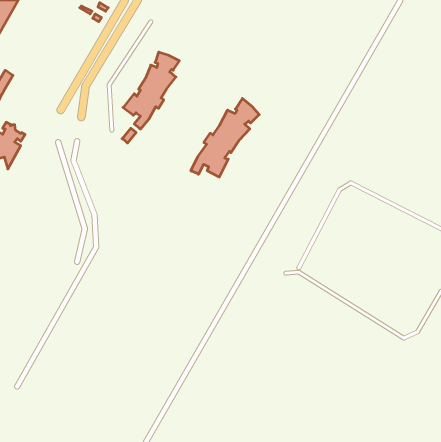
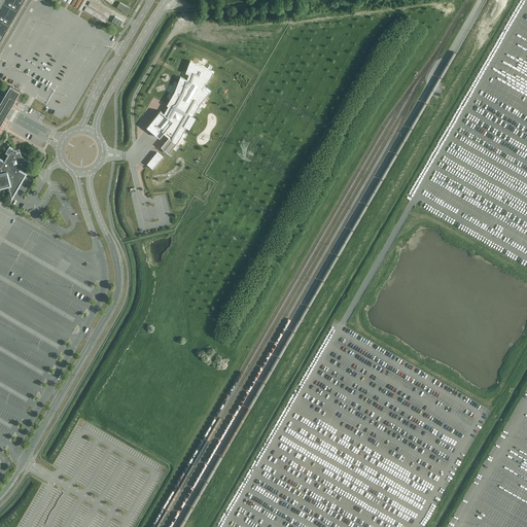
building: [191,98,259,177] -> none

